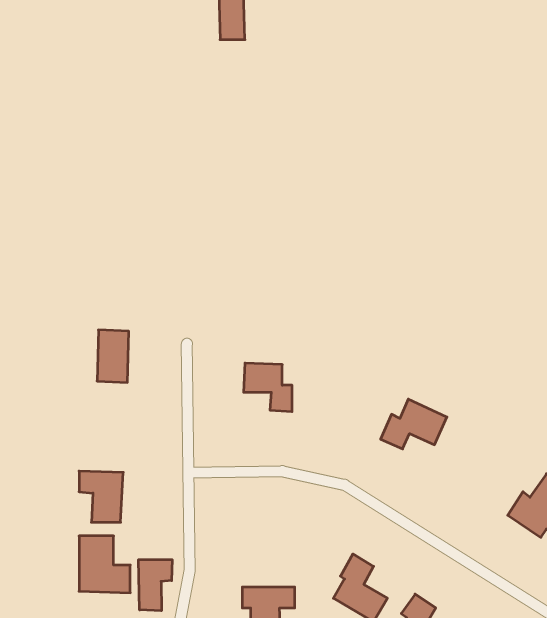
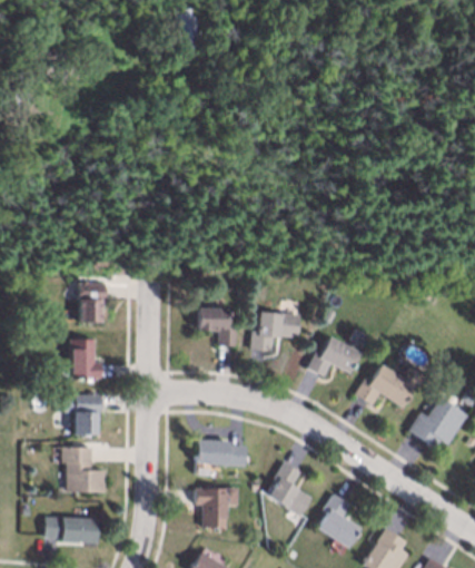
building: none -> [251,311,300,351]
building: none -> [70,339,101,379]
building: none -> [355,364,423,408]
building: none -> [196,440,247,466]
building: [139,560,172,611] -> none

